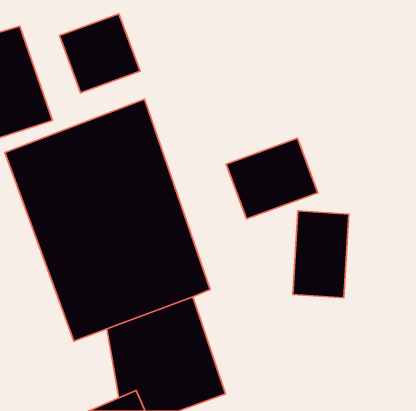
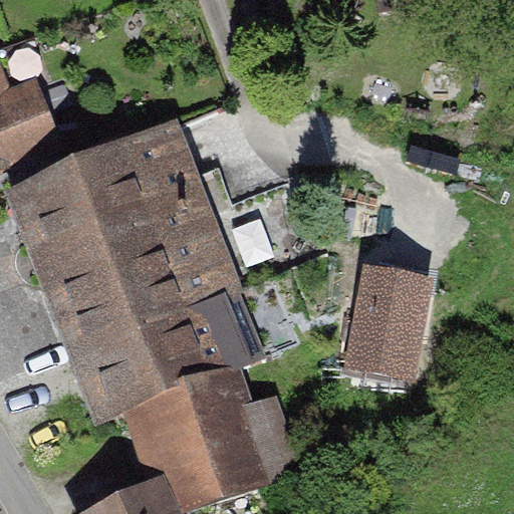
building: [59,14,140,93] -> none
building: [226,138,318,219] -> none

